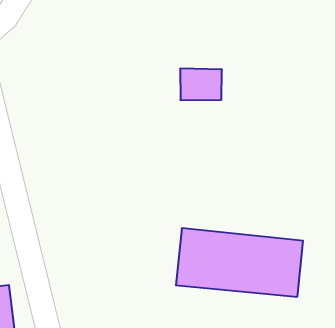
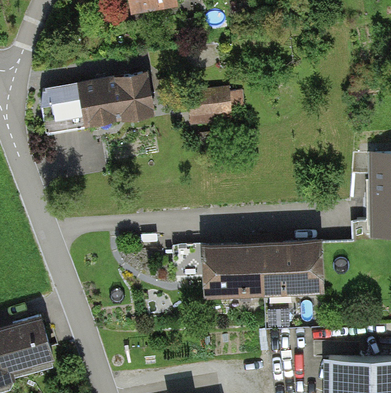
building: none -> [40,72,151,132]

